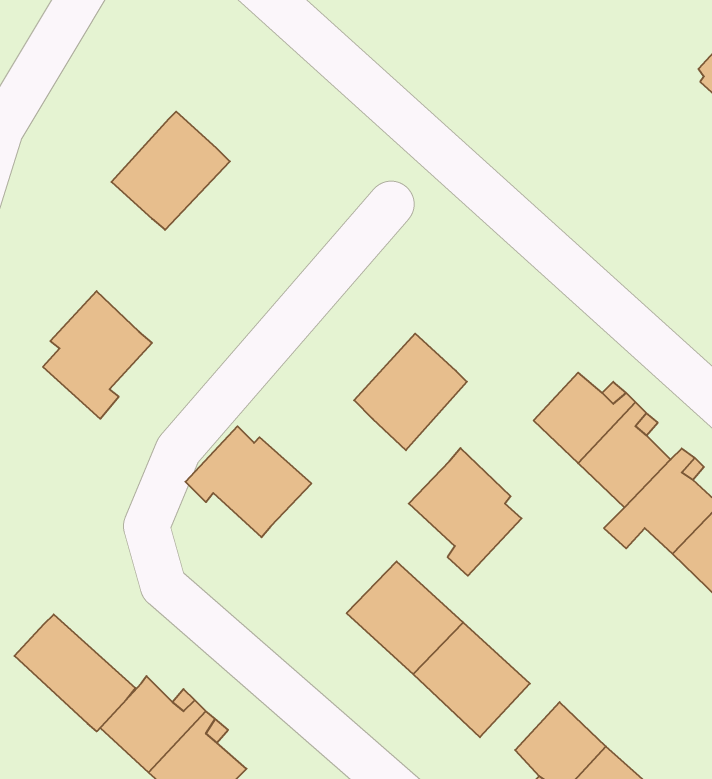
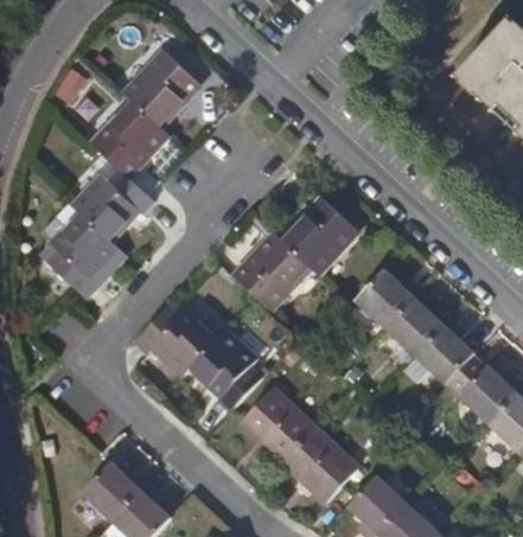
building: none -> [122,51,196,124]
building: none -> [70,170,149,242]
building: none -> [274,193,347,267]
building: [409,448,522,576] -> [190,331,262,413]
building: [14,614,136,731] -> none

